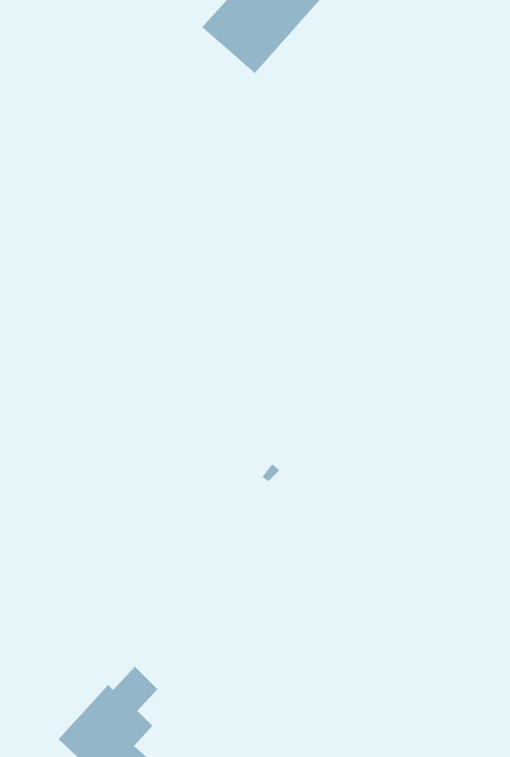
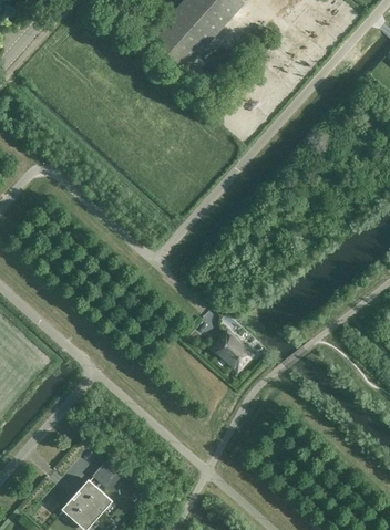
building: none -> [213,332,250,368]

